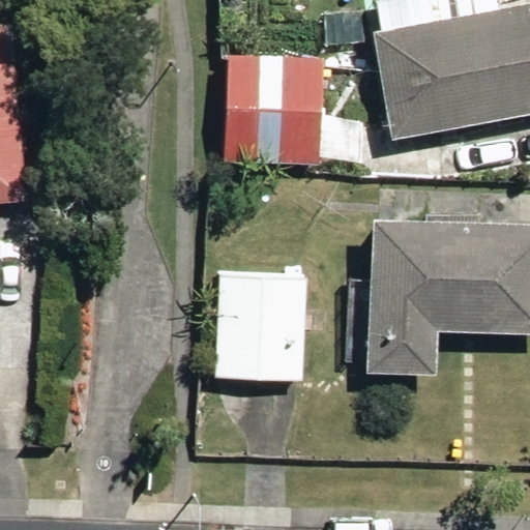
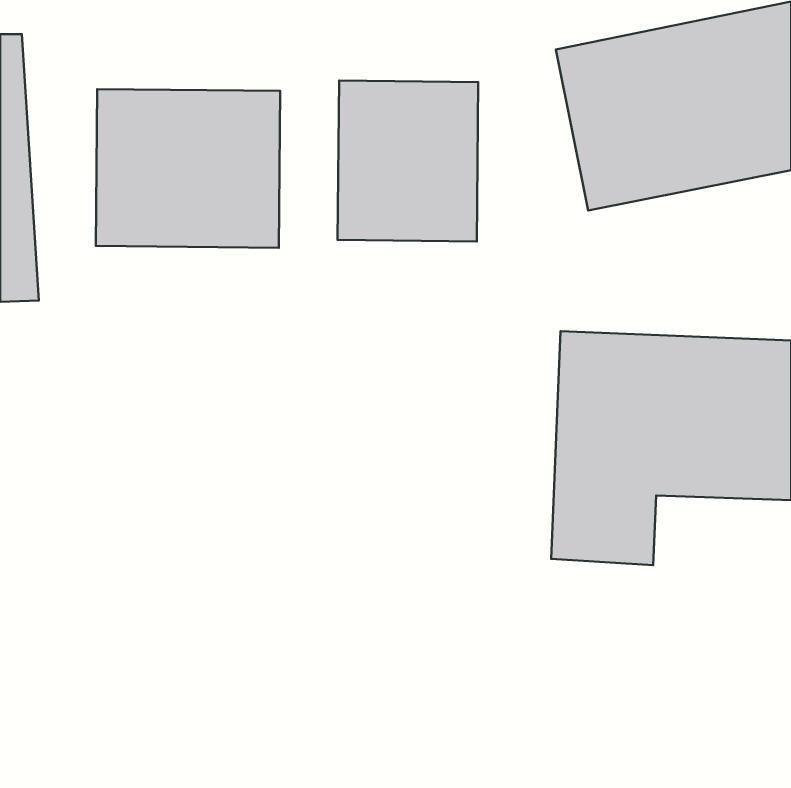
building: none -> [96,89,280,248]
building: [218,269,306,378] -> none

